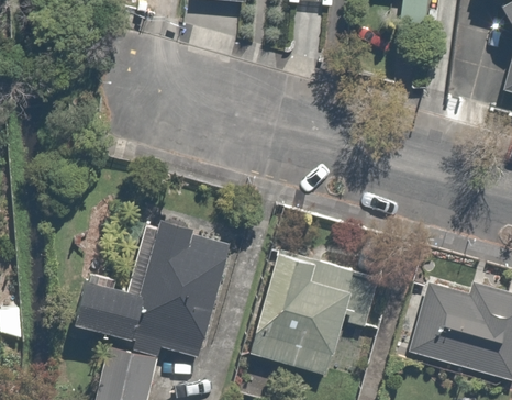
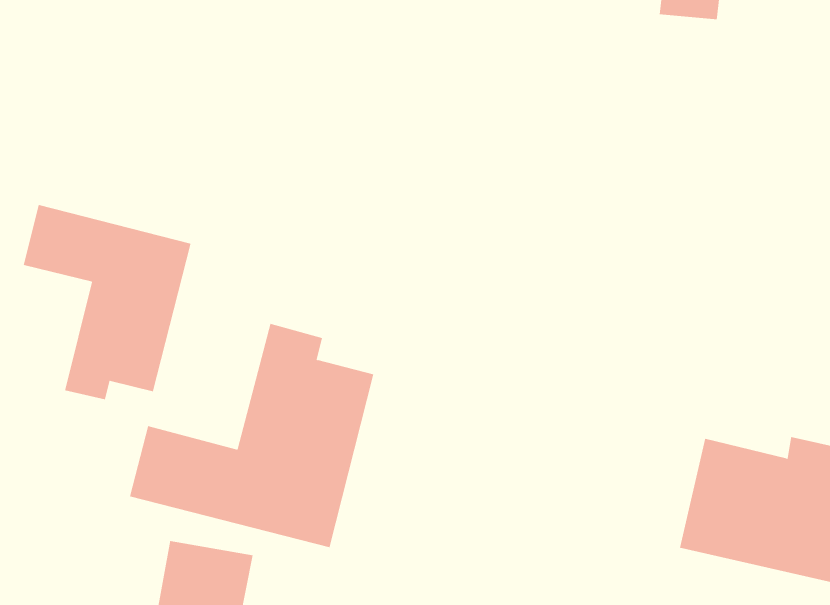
building: none -> [23,204,191,400]
building: [249,248,381,378] -> none

